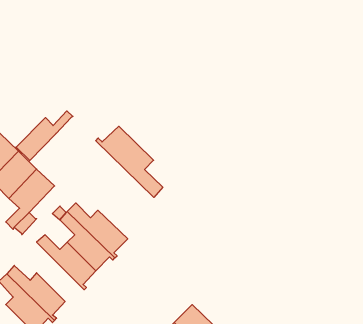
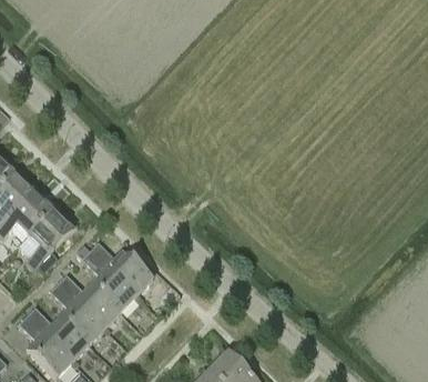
building: [16,111,73,161] -> none
building: [96,126,163,197] -> none
building: none -> [50,283,108,345]

